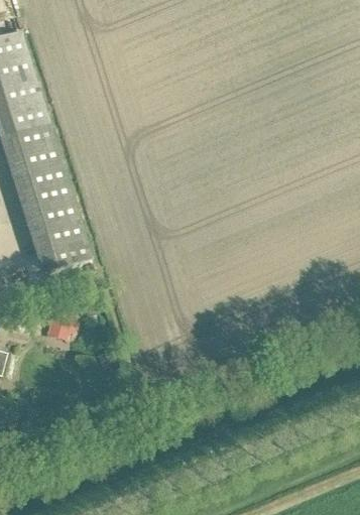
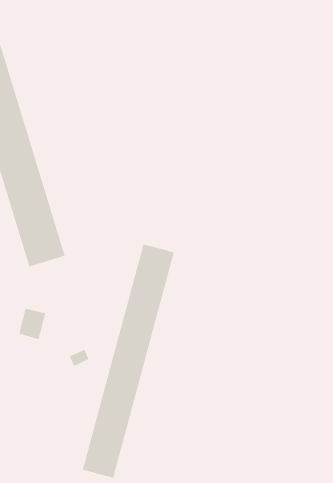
building: none -> [82,244,175,479]

